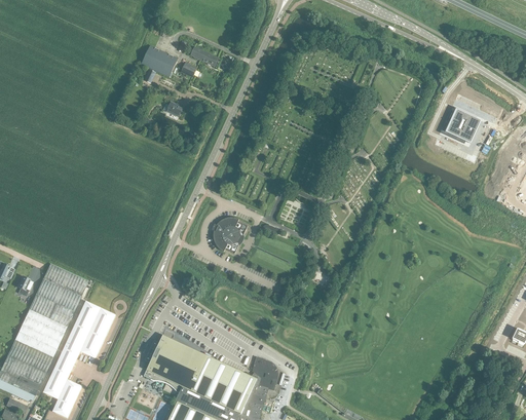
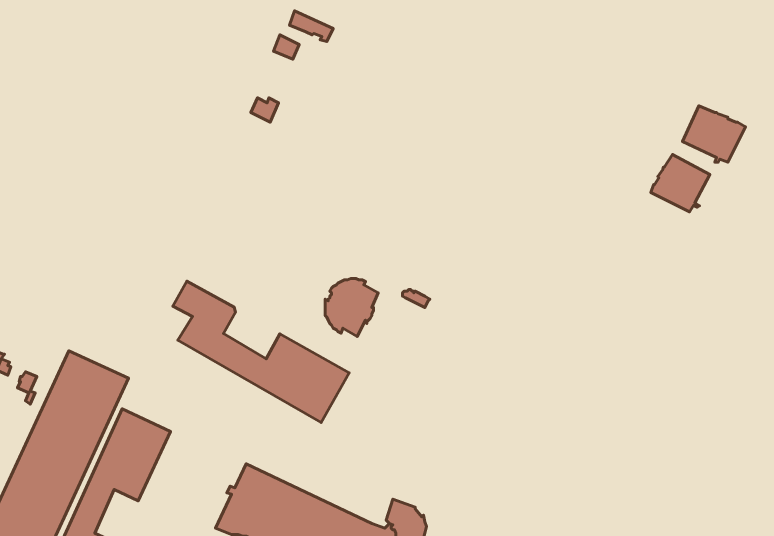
building: [142,45,178,77] -> none
building: none -> [651,154,710,212]
building: none -> [173,281,349,422]

